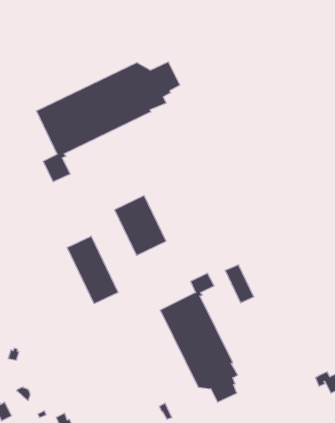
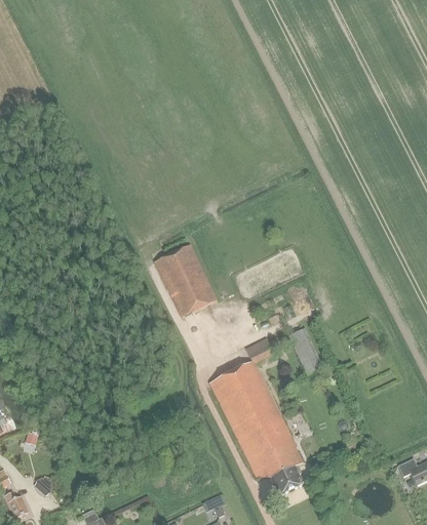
building: [37,62,180,182] -> none
building: [67,236,118,304] -> none

